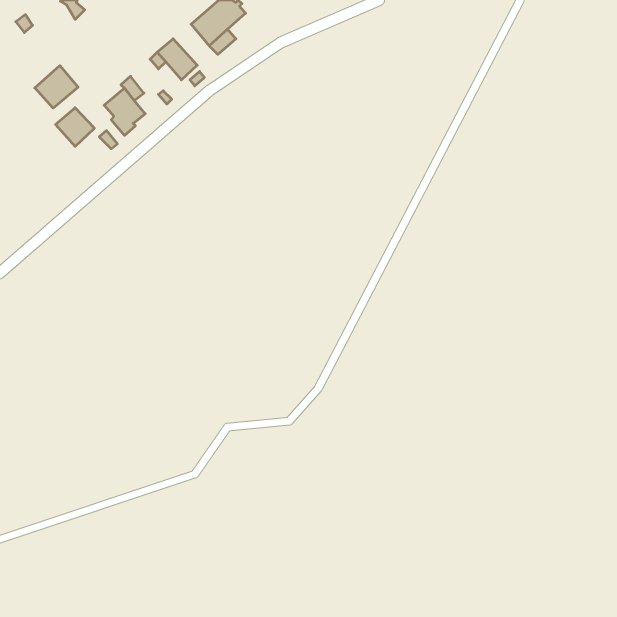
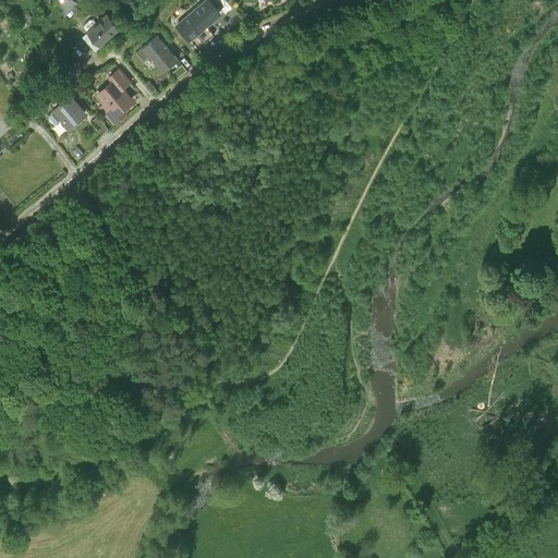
building: none -> [86,17,119,49]
building: [35,66,78,108] -> none

